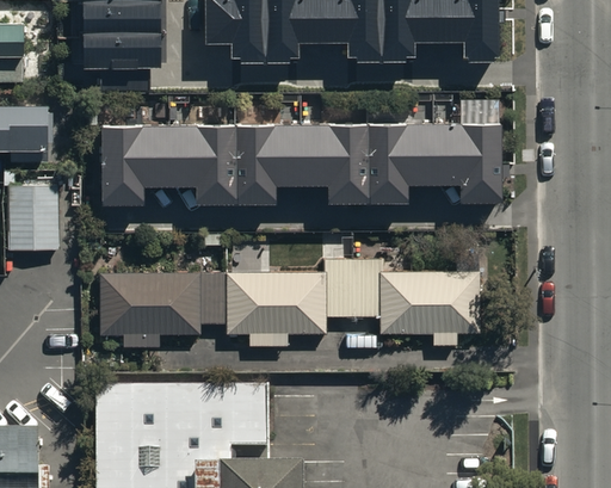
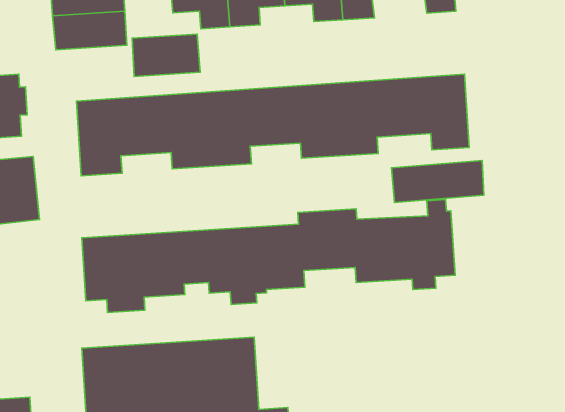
building: none -> [132,34,200,76]
building: none -> [391,160,484,203]

